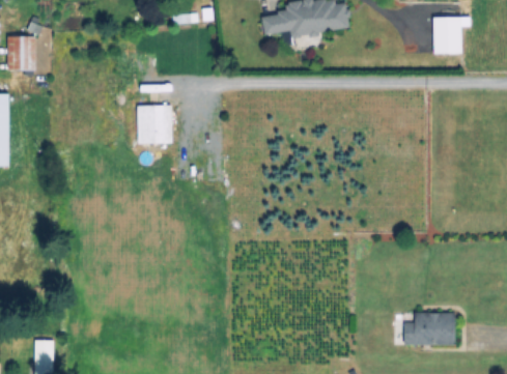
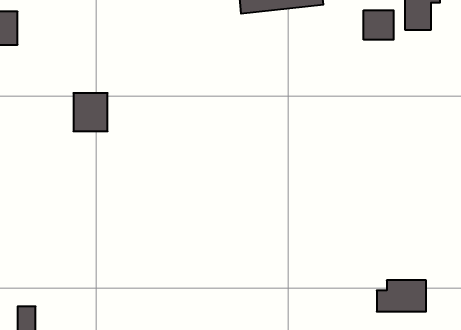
building: none -> [364,10,394,40]
building: [137,105,172,144] -> [73,93,108,131]

